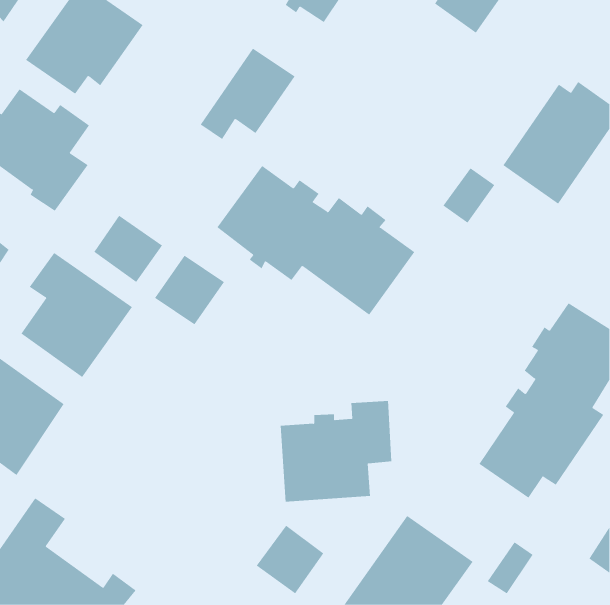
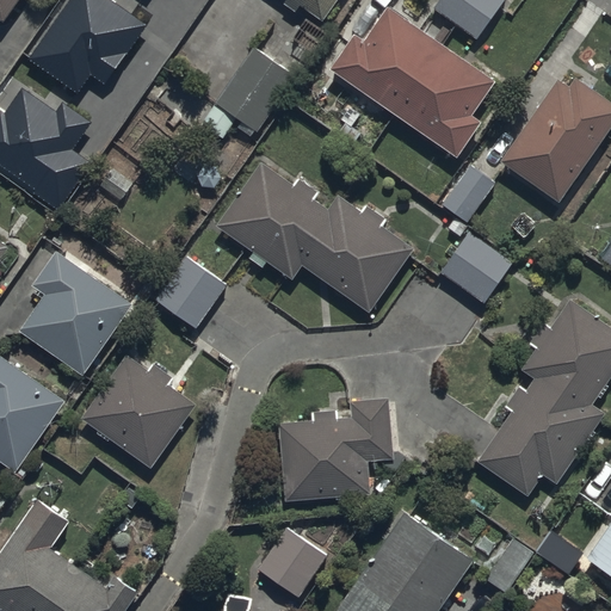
building: none -> [331,6,494,154]
building: [94,215,163,283] -> none
building: none -> [442,233,511,303]
building: none -> [81,357,197,470]

